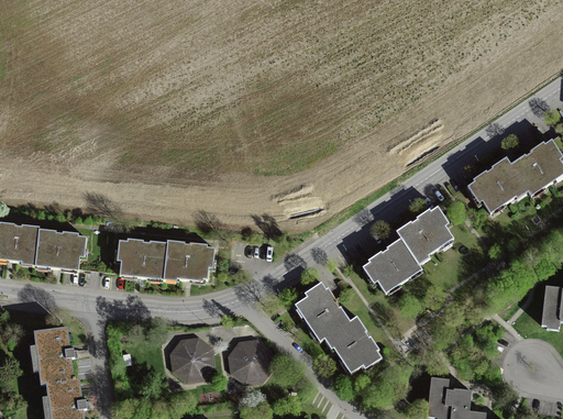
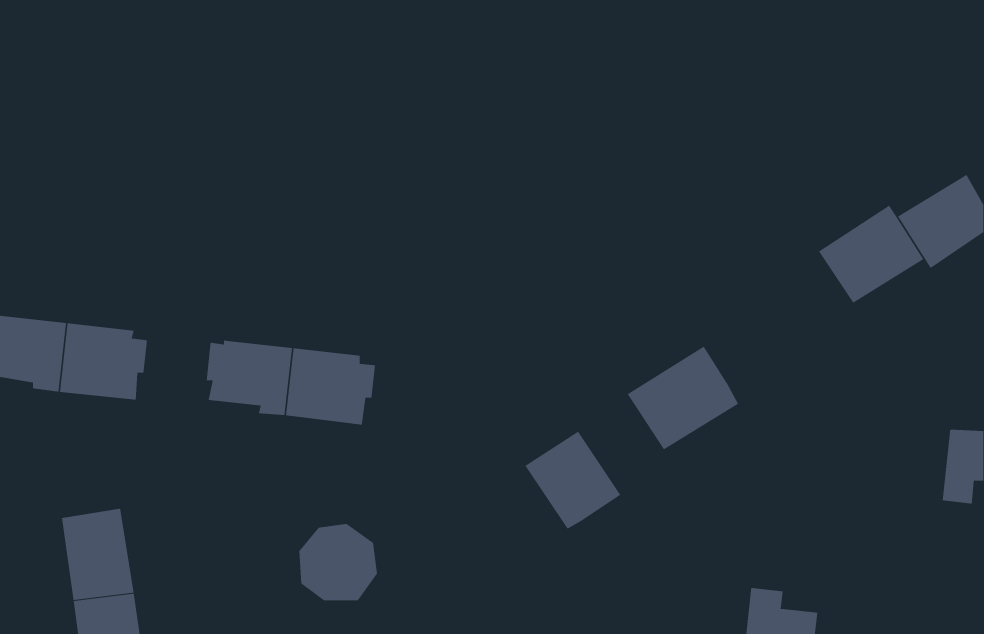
building: [396,207,452,260] -> none
building: [331,318,387,377] -> none
building: [229,342,272,388] -> none

